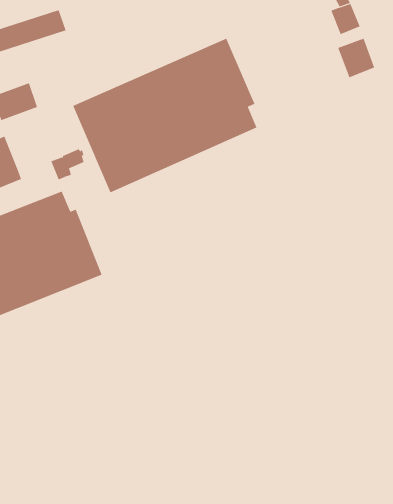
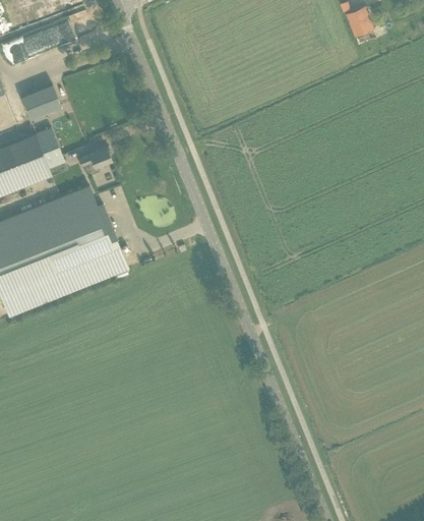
building: [72,38,257,193] -> none
building: [337,38,375,78] -> none
building: none -> [35,128,64,168]

